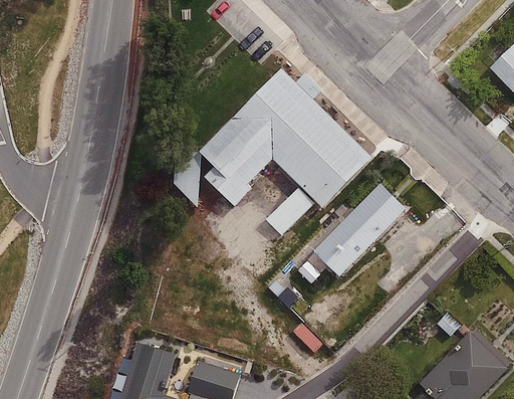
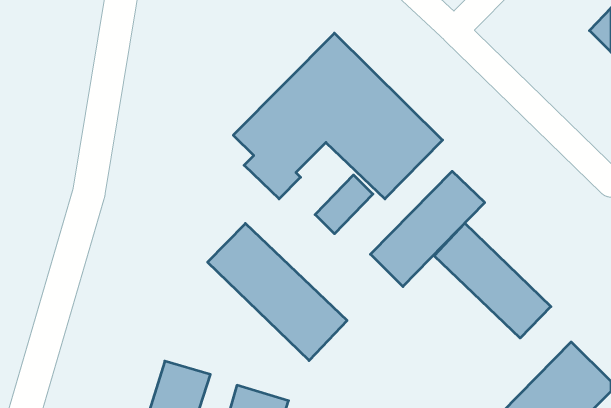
building: none -> [434,223,551,338]
building: none -> [208,223,347,361]

